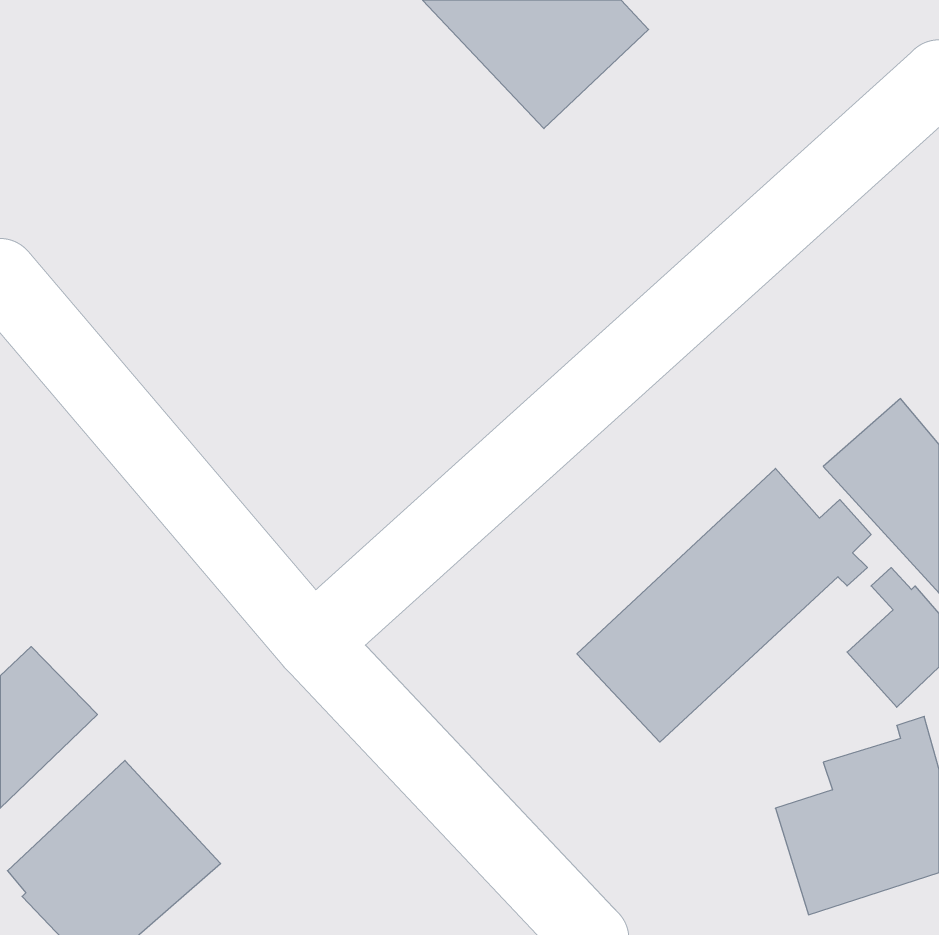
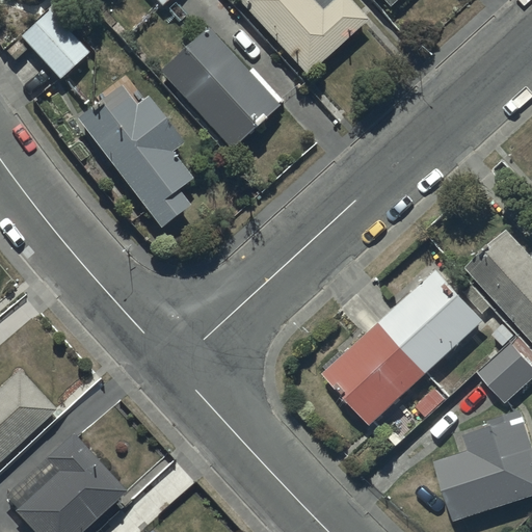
building: none -> [5,8,88,79]
building: none -> [158,27,281,149]
building: none -> [76,86,191,228]

